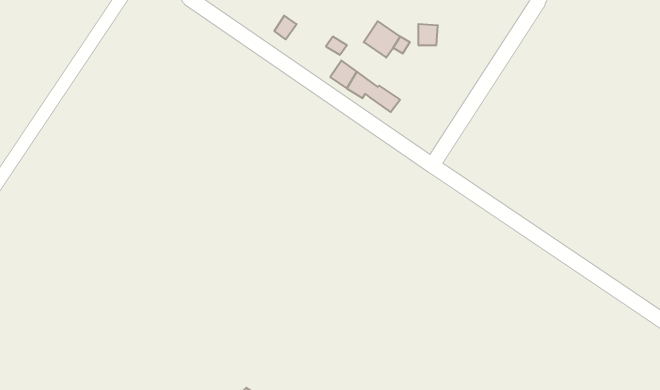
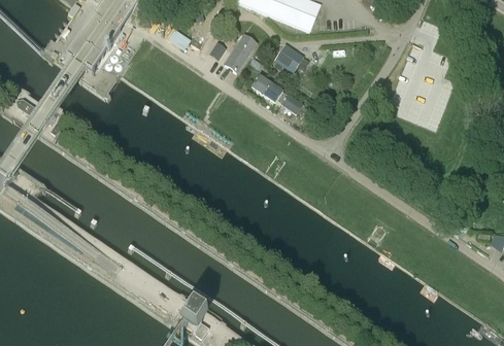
building: none -> [225,35,257,72]

